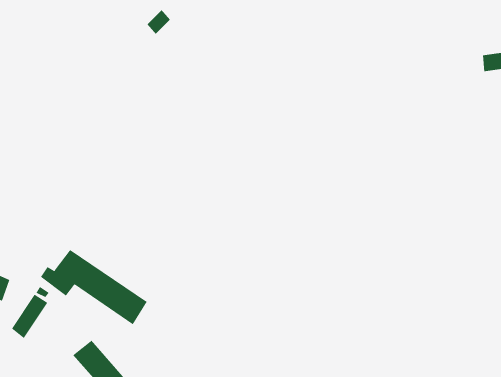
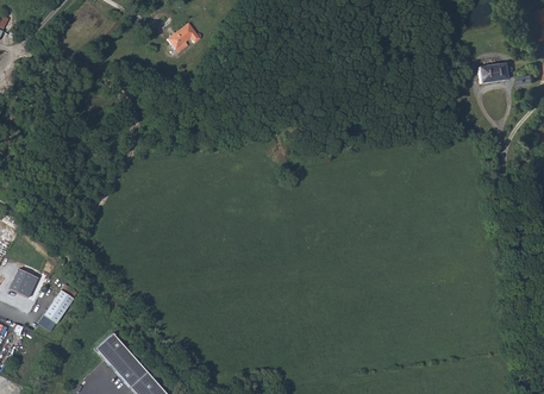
building: [40,249,147,325] -> none

